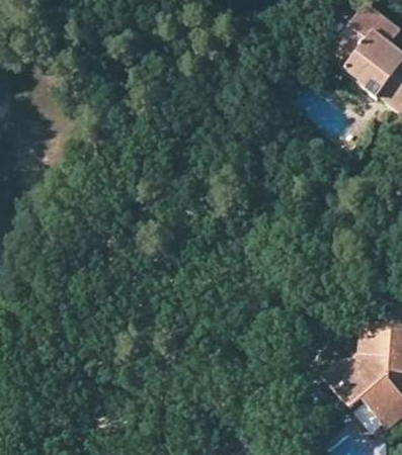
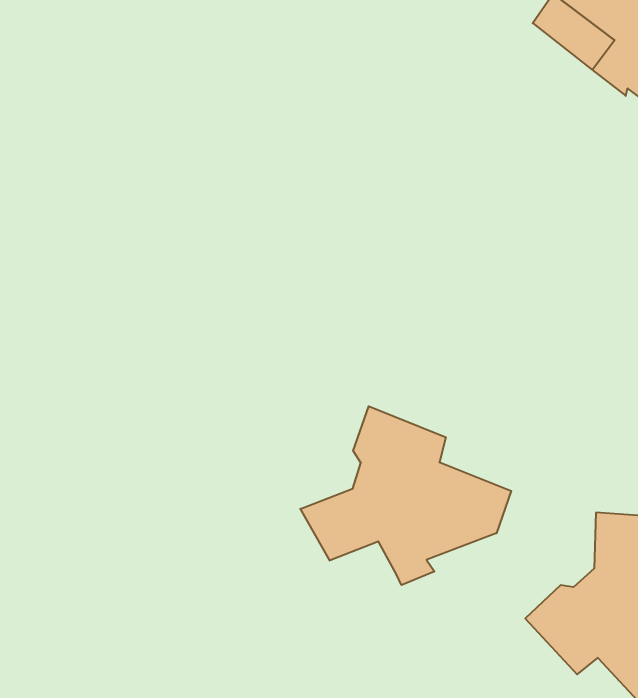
building: none -> [300,406,511,585]

